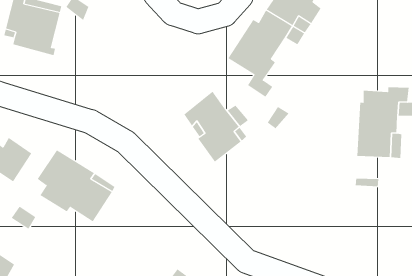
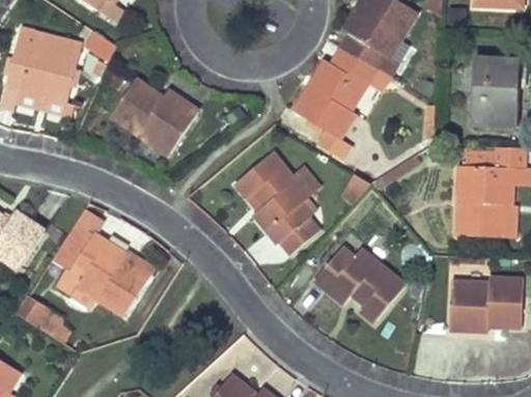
building: none -> [472,57,520,125]
building: none -> [111,78,198,154]
building: none -> [315,247,403,321]
building: none -> [449,278,523,331]

